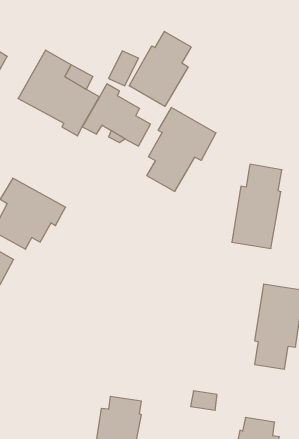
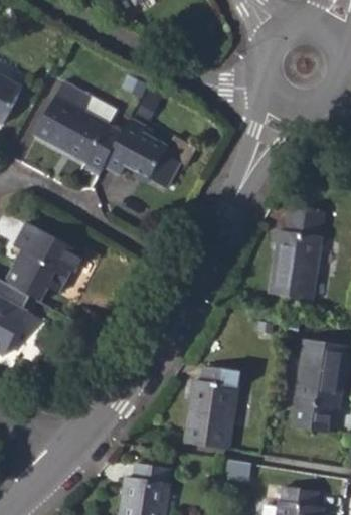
building: [129,31,191,106] -> none
building: [147,107,216,191] -> none
building: none -> [183,366,237,449]

